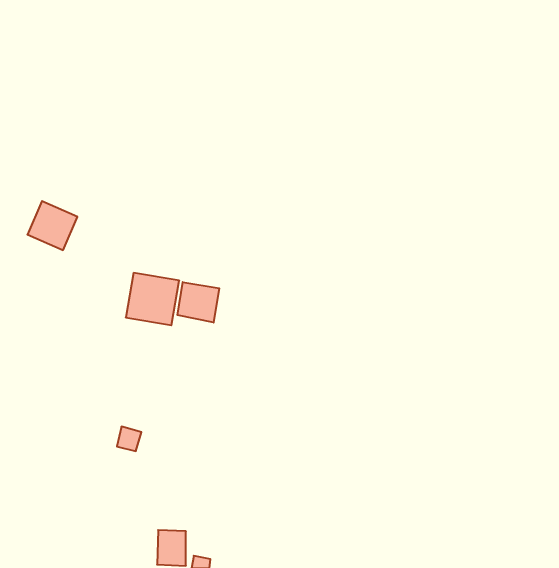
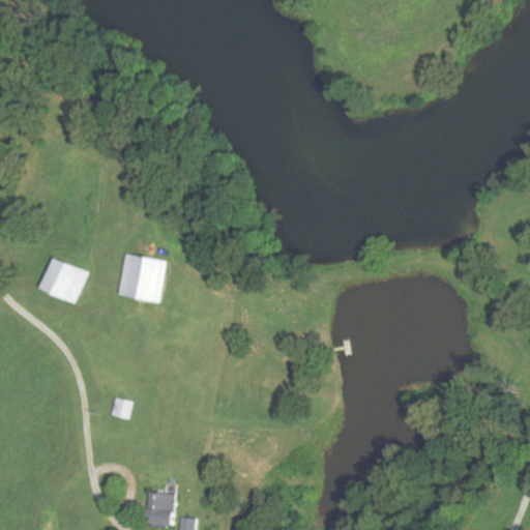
building: [27,201,77,250] -> [38,258,85,303]
building: [177,282,219,323] -> none

